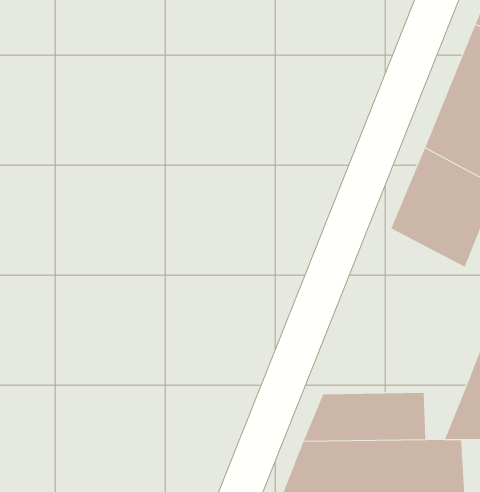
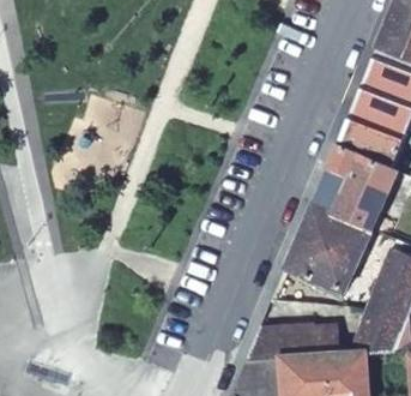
building: none -> [288,198,369,289]

